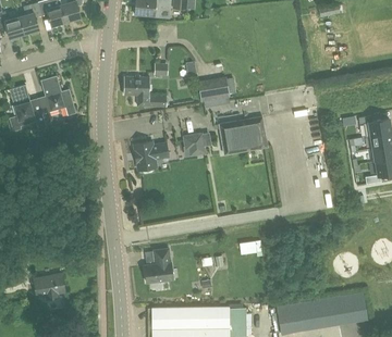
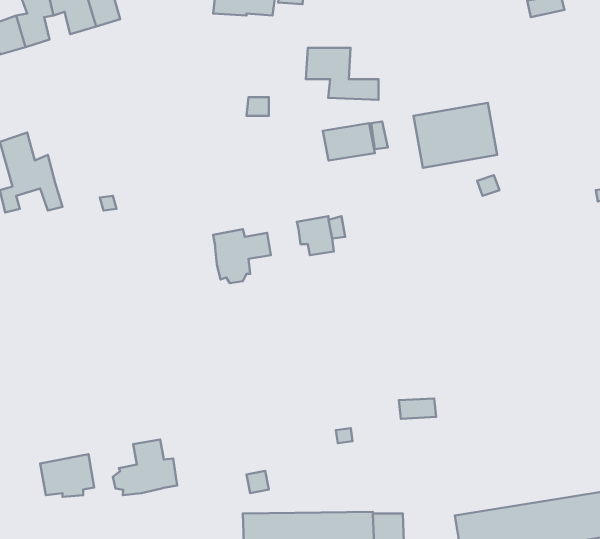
building: [37,76,75,115] -> none
building: [123,77,166,108] -> [306,48,378,100]
building: [218,117,267,155] -> [413,103,497,168]
building: [144,249,173,283] -> none
building: none -> [113,439,177,495]

